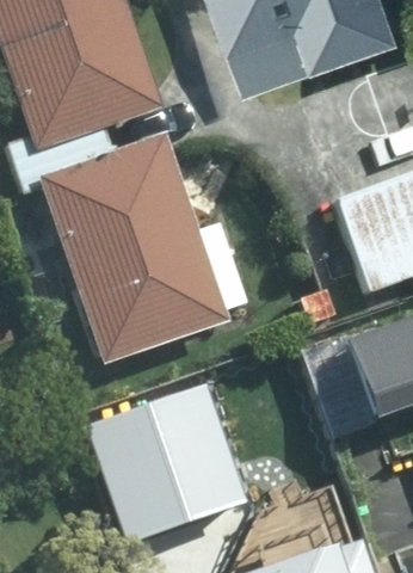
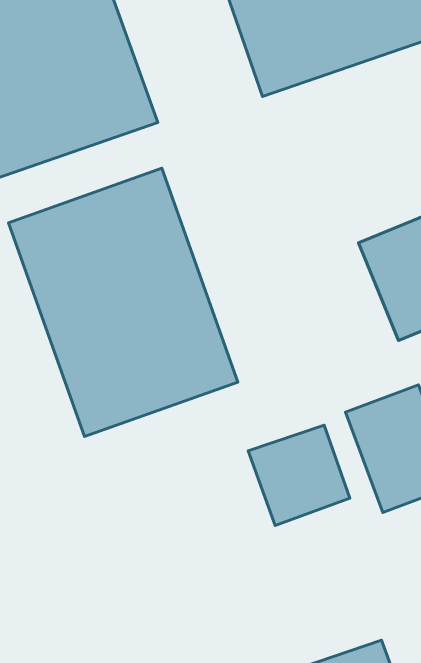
building: [92,399,199,523] -> none

